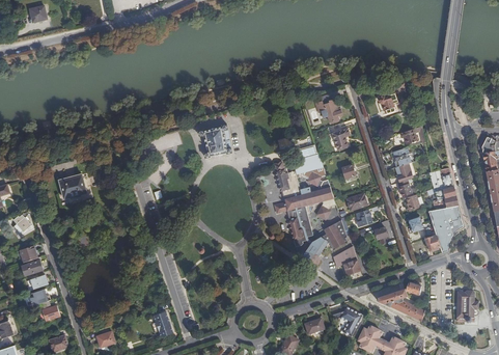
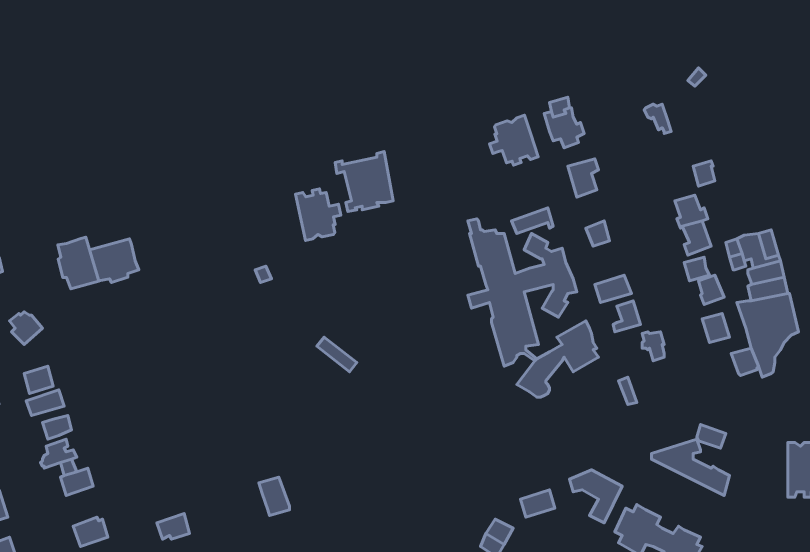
building: none -> [490,115,538,165]
building: none -> [296,189,341,241]
building: none -> [58,237,99,289]
building: [333,245,361,273] -> none

